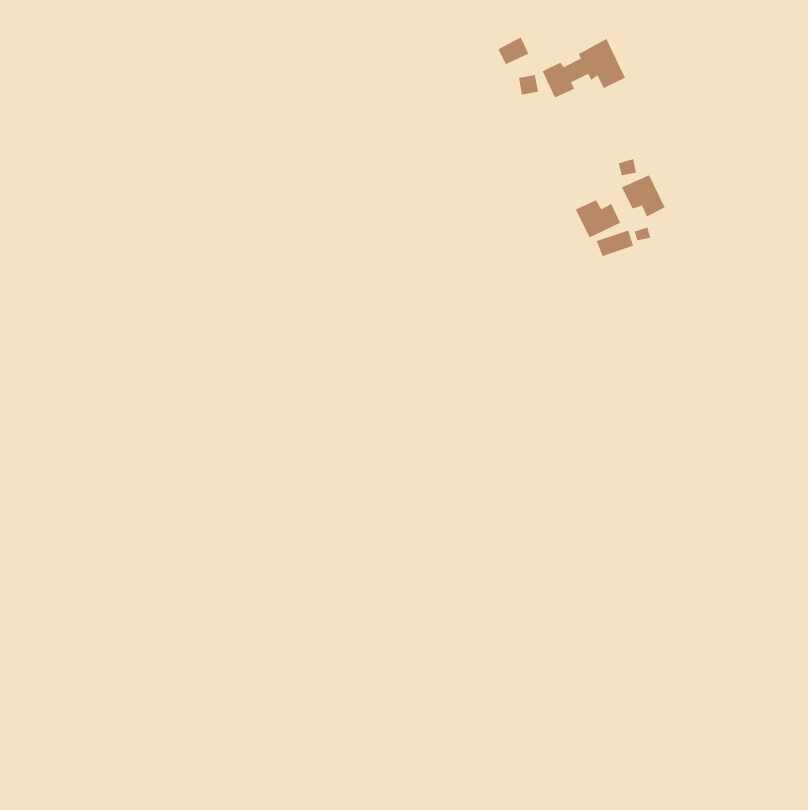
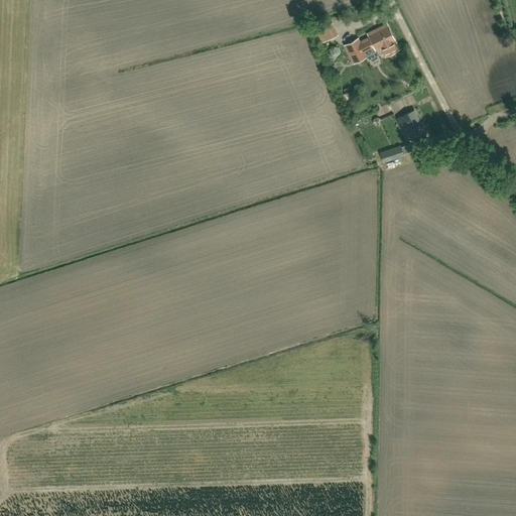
building: [575,199,621,238] -> none

